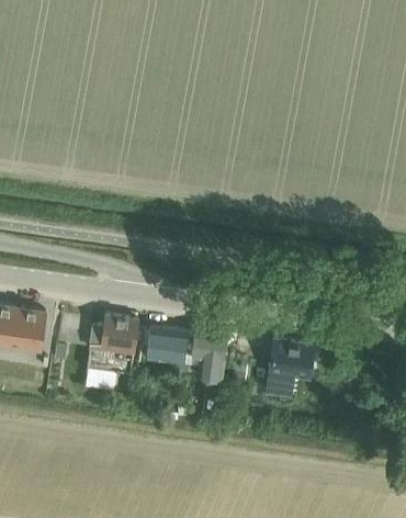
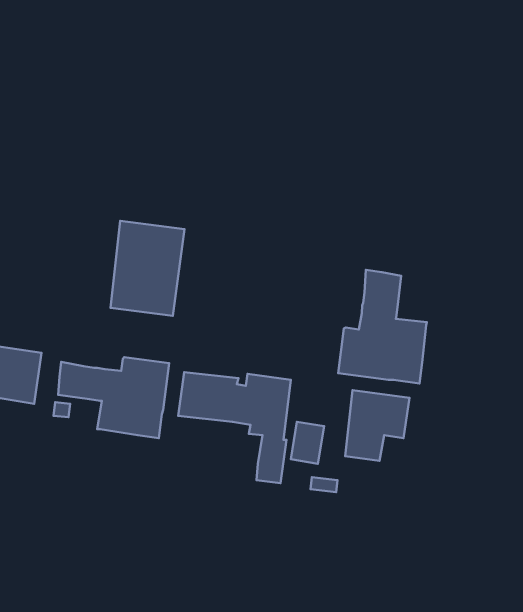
building: none -> [110,221,185,316]
building: none -> [338,270,427,383]

